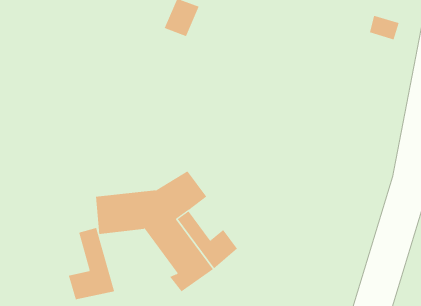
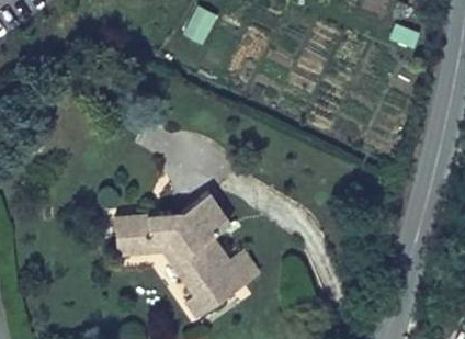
building: [68,227,115,300] -> none

